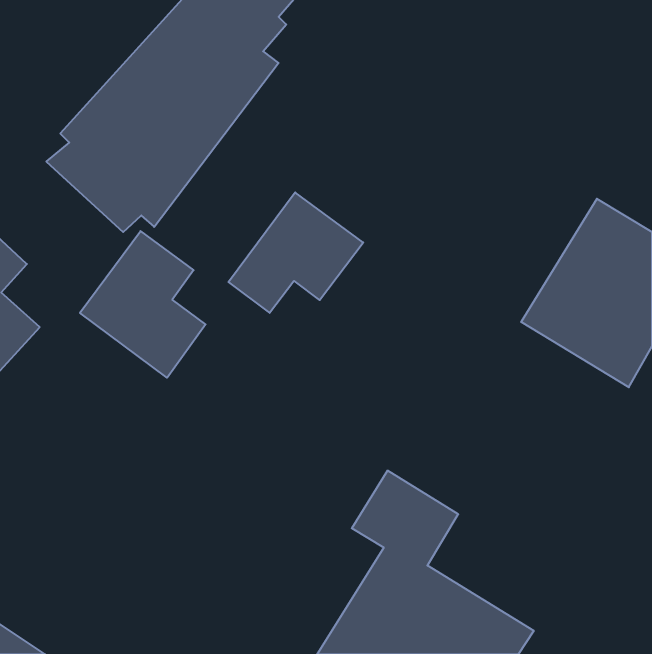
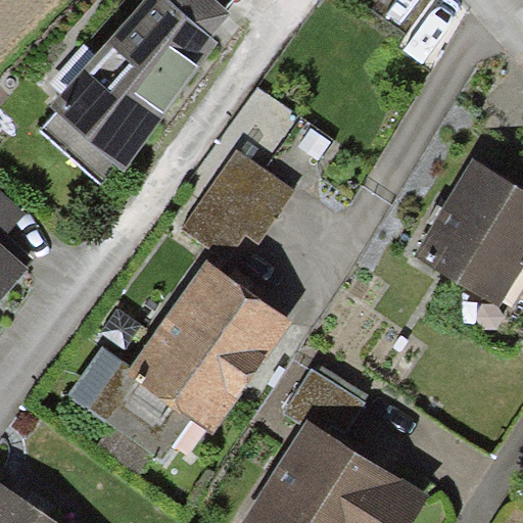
building: [80,231,206,378] -> none
building: none -> [80,262,289,445]

